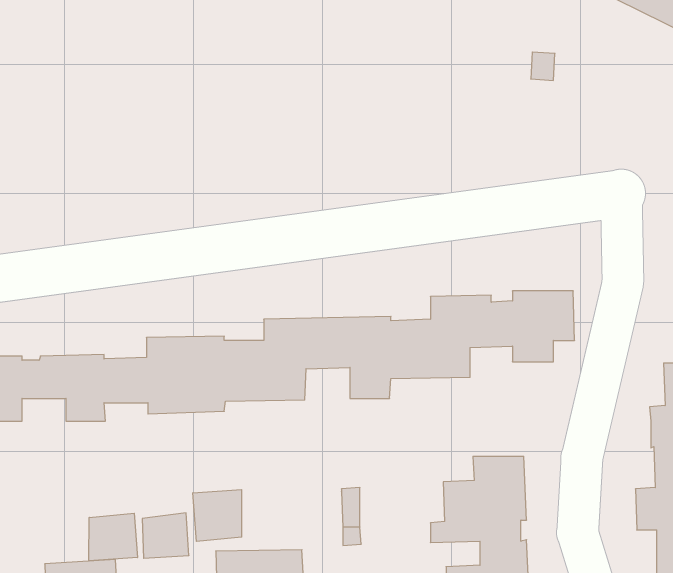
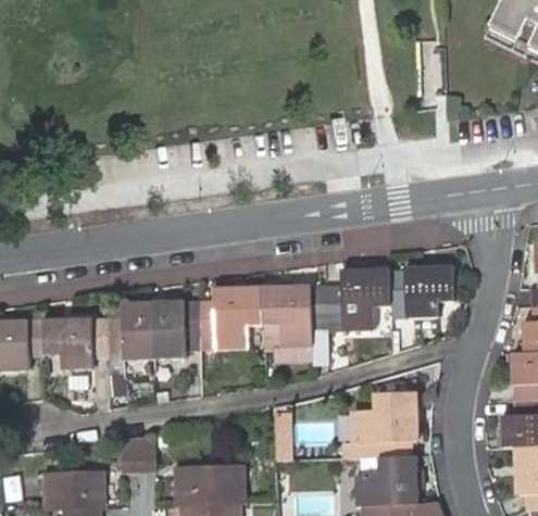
building: [193,490,242,541] -> none
building: [89,513,137,561] -> none

